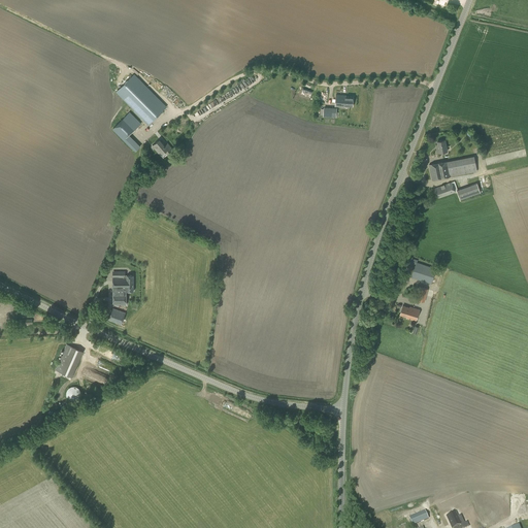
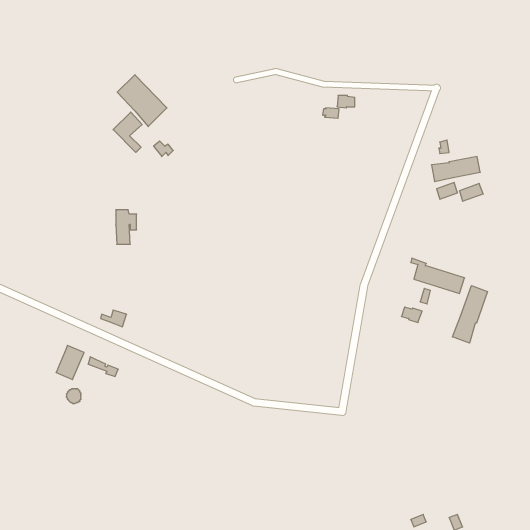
building: [112,271,133,305] -> [116,210,137,244]
building: none -> [452,286,488,343]

